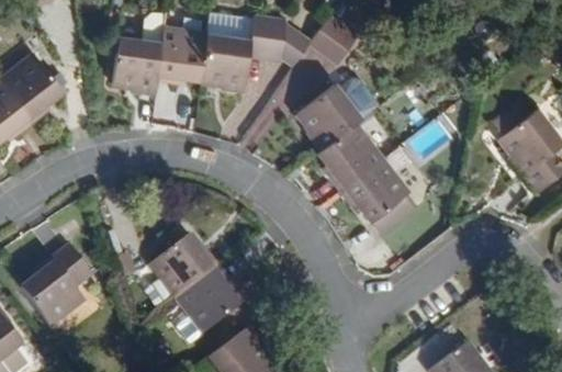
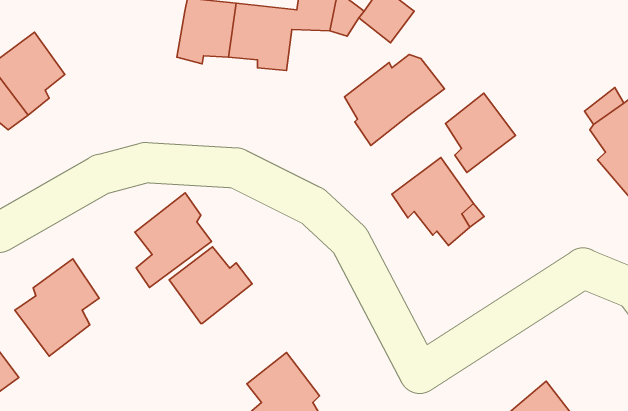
building: [112,34,164,91] -> none
building: [318,124,376,190] -> [446,93,515,172]
building: [178,264,241,343] -> [135,193,211,288]

